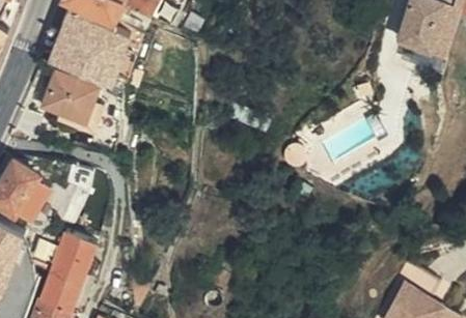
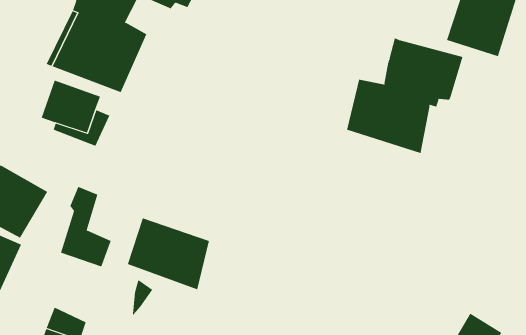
building: none -> [347,38,463,154]
building: none -> [127,218,209,290]
building: [53,239,92,285] -> none

